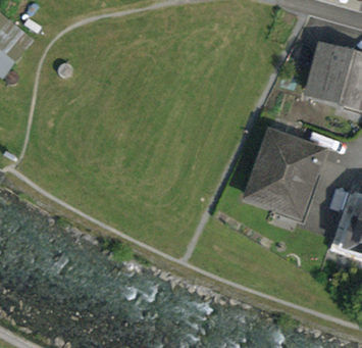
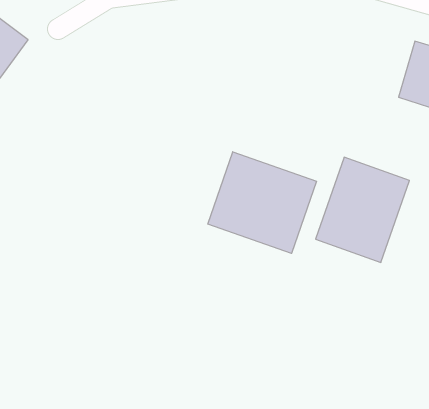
building: none -> [208,152,317,253]

